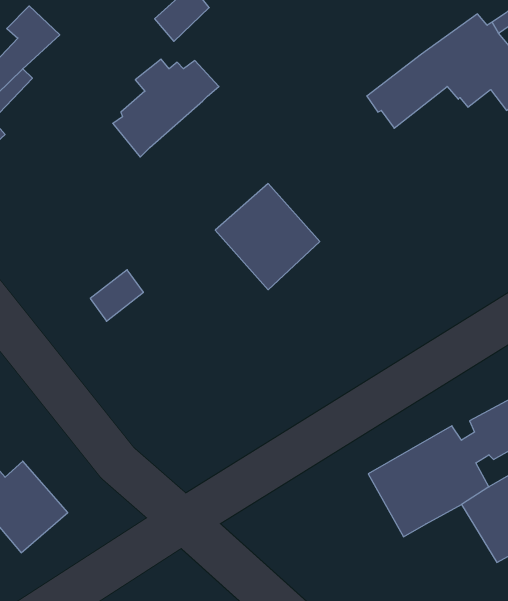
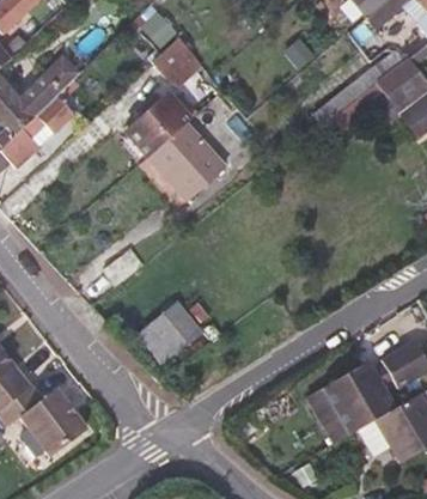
building: [215,184,320,290] -> [148,120,226,199]
building: none -> [135,294,205,364]

